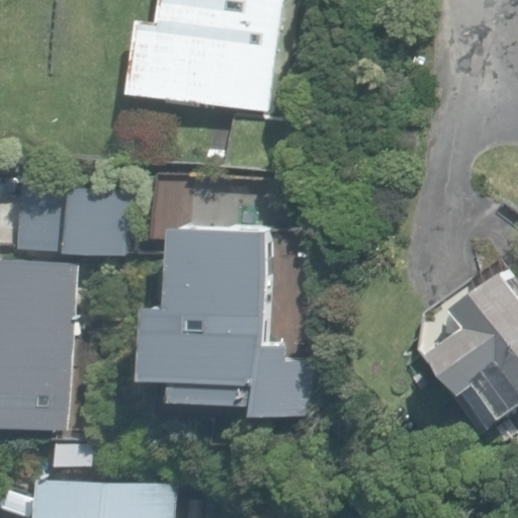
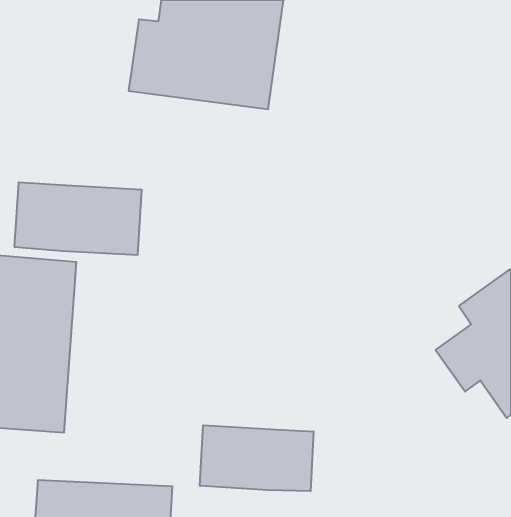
building: [145,225,308,415] -> none
building: none -> [200,425,313,491]

